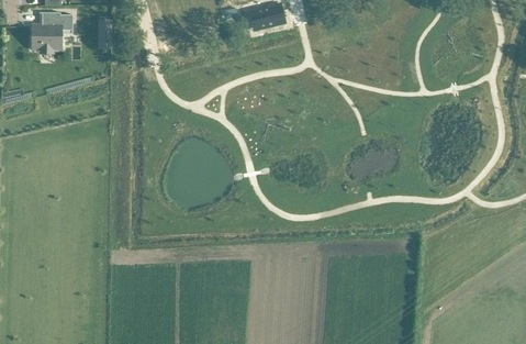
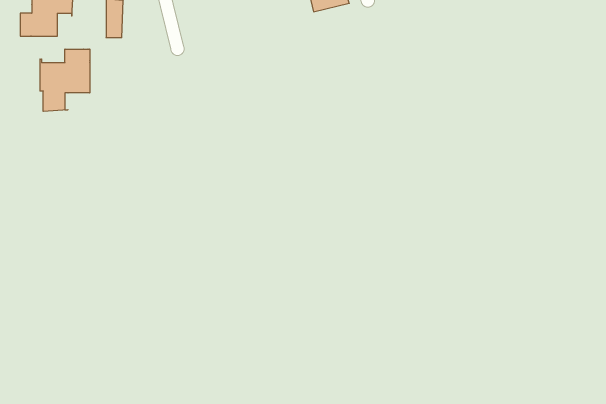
building: none -> [40,49,90,111]

